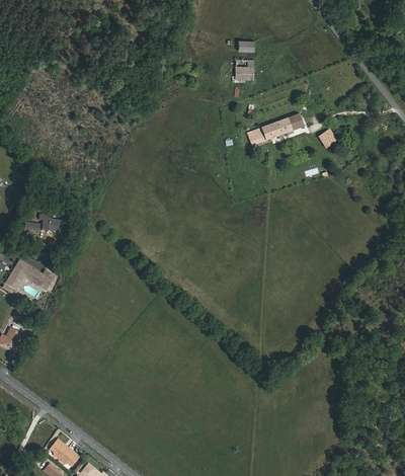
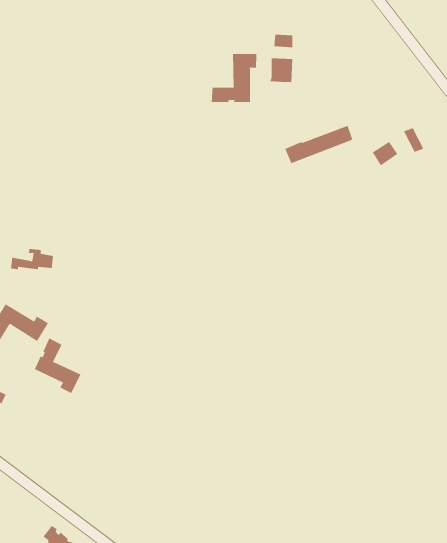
building: none -> [211,53,257,103]
building: none -> [34,338,81,394]

